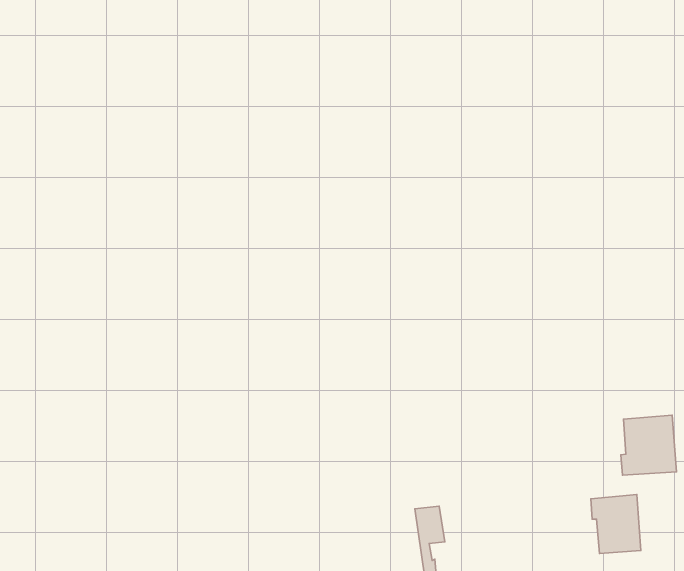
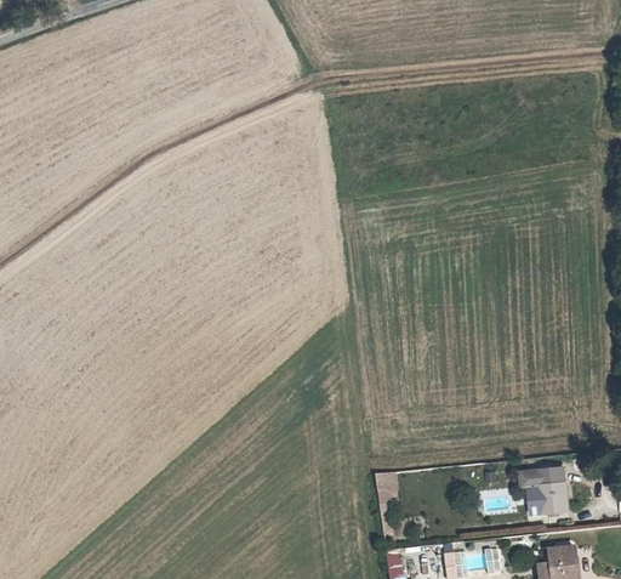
building: [621,415,676,475] -> none

